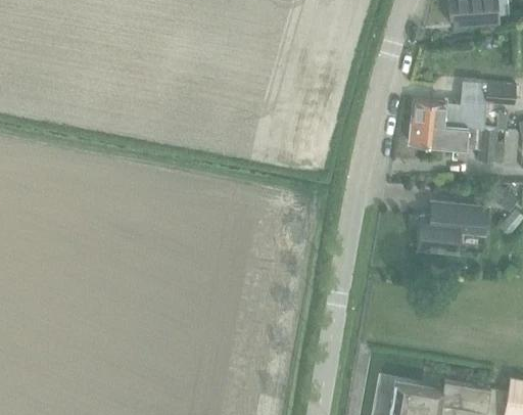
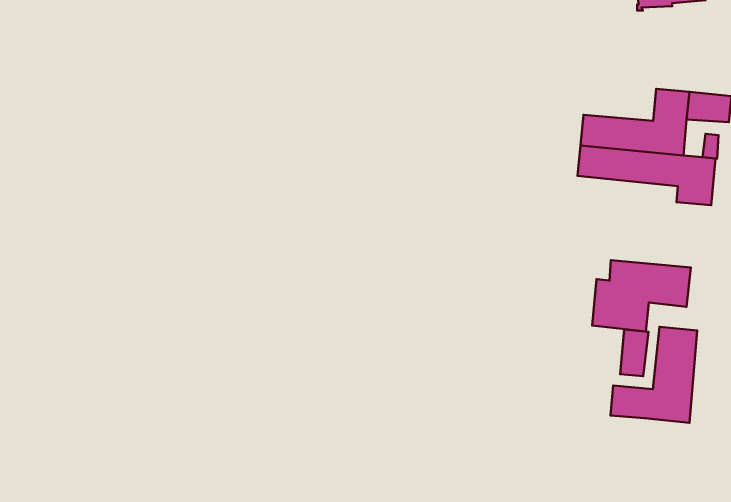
building: none -> [610,327,697,423]
building: none -> [620,329,648,376]

